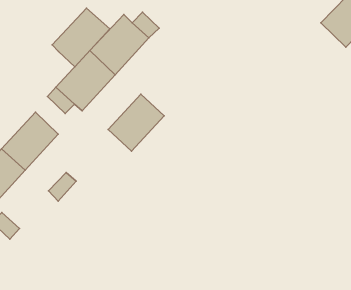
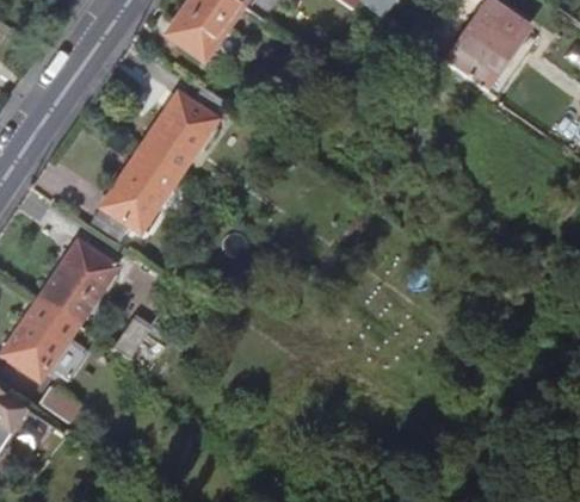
building: [52,8,110,67] -> none
building: [108,94,164,151] -> none

